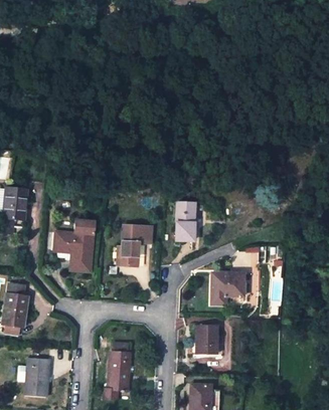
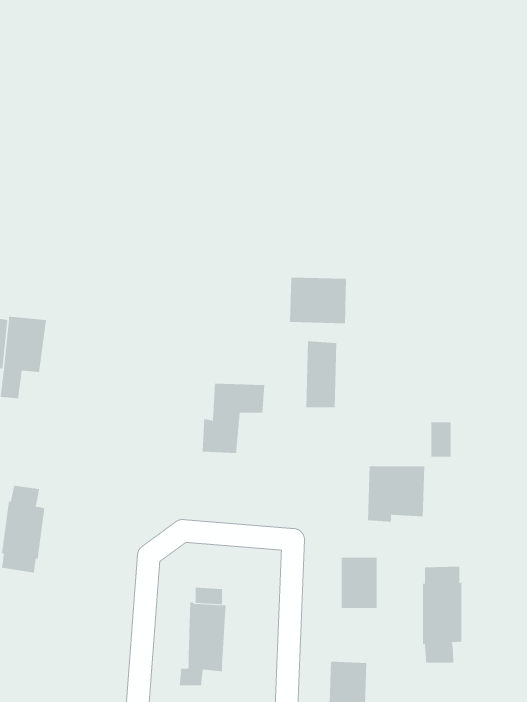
building: none -> [290,277,347,324]
building: [54,218,94,271] -> none
building: none -> [423,566,462,664]
building: [26,357,50,396] -> none

